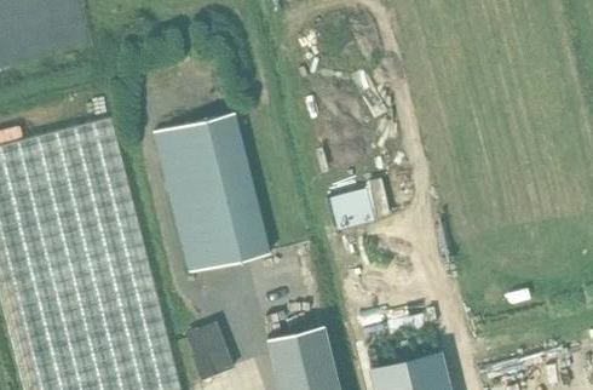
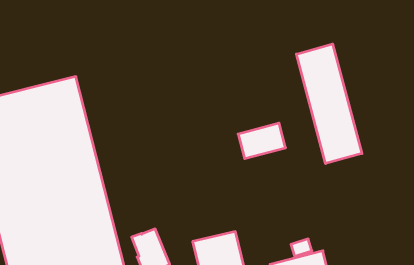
building: none -> [296,44,362,164]
building: [155,113,271,274] -> none

